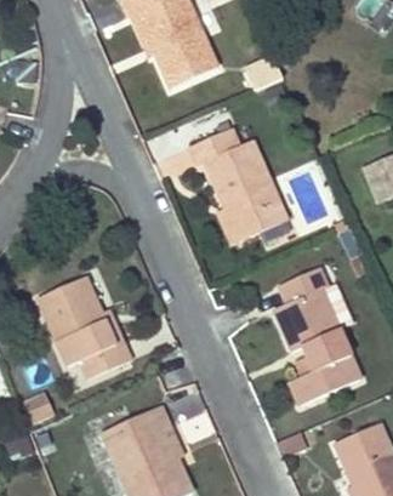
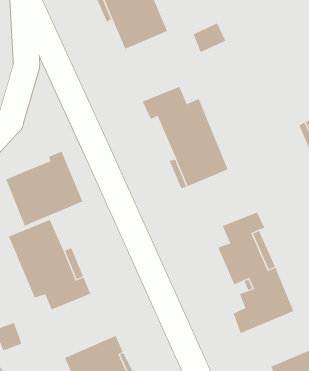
building: none -> [5,151,83,226]

